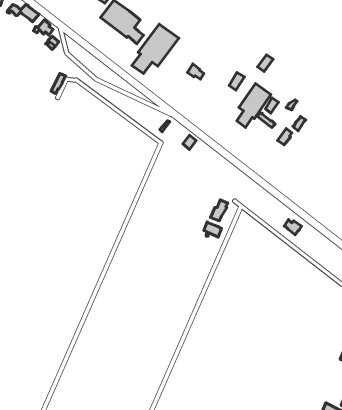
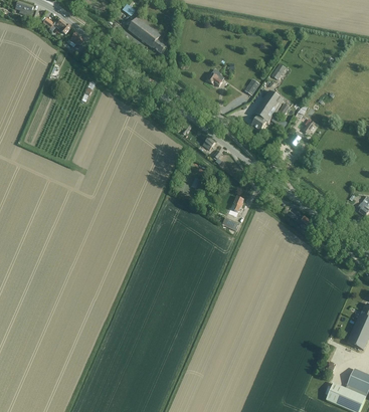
building: [132,24,179,73] -> none

